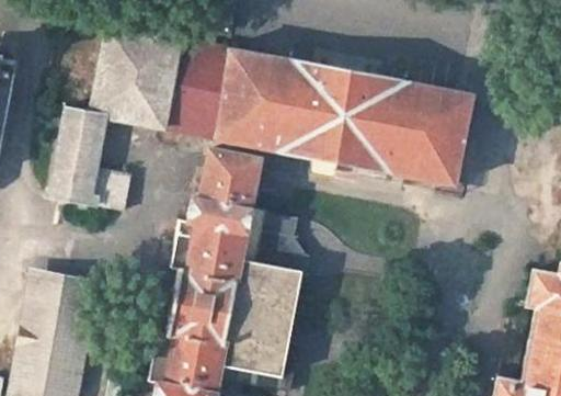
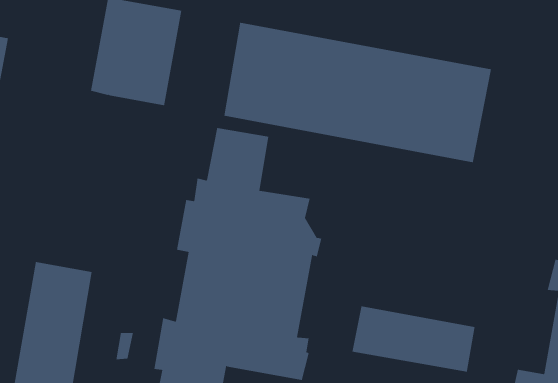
building: [161,38,232,139] -> none
building: [51,112,131,210] -> none
building: none -> [352,306,475,373]

